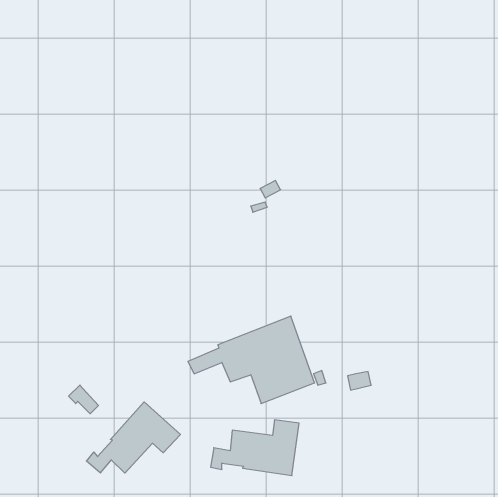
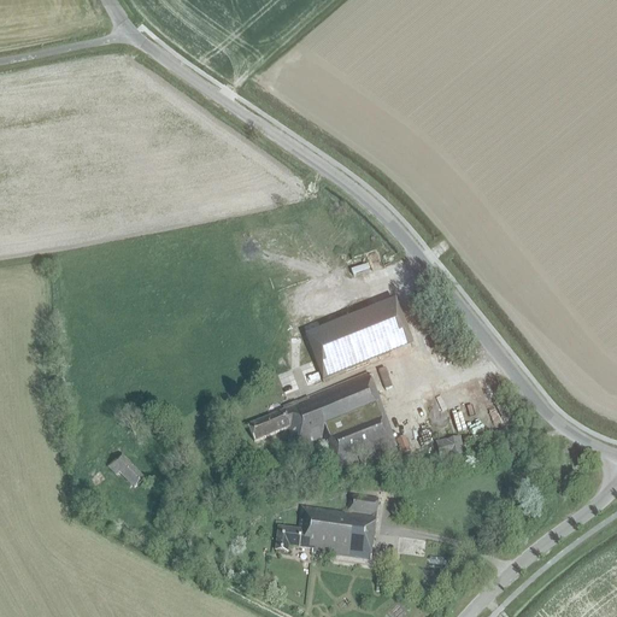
building: none -> [304,296,412,376]
building: [86,402,180,473] -> none

